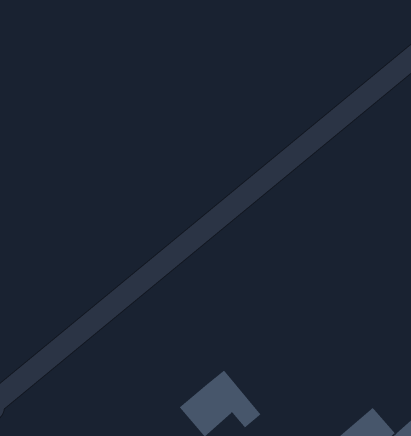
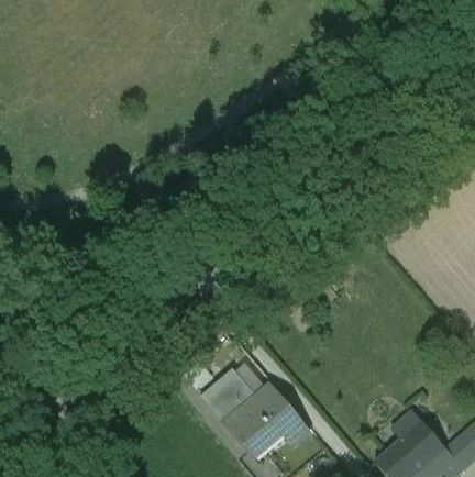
building: none -> [206,373,254,421]

